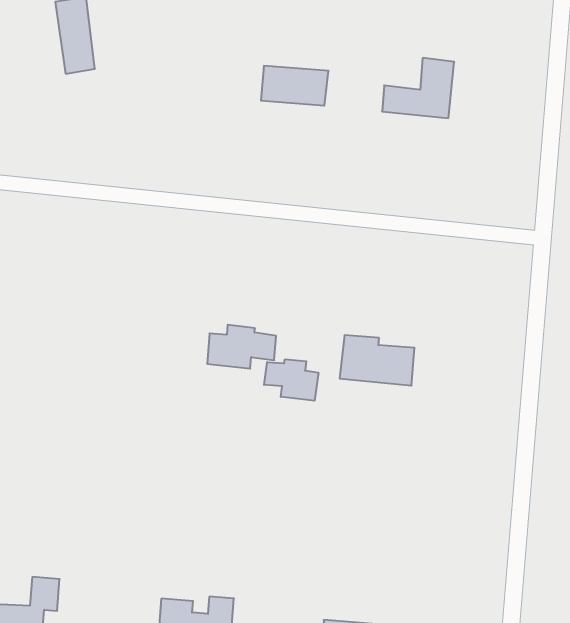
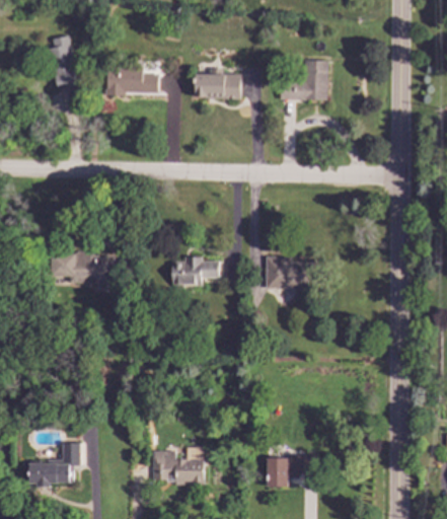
building: none -> [106,65,159,94]
building: none -> [61,252,113,284]
building: [264,359,318,401] -> none

